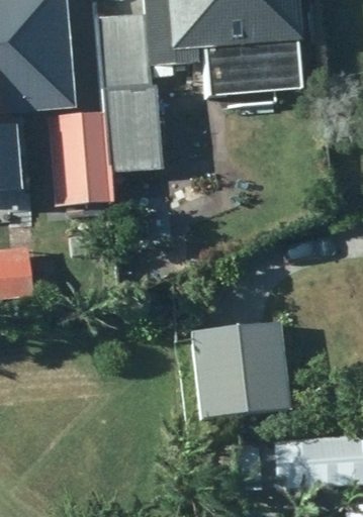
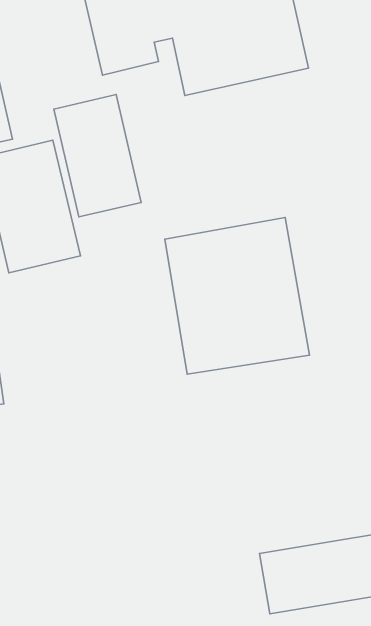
building: [190,313,286,420] -> [165,217,309,374]

